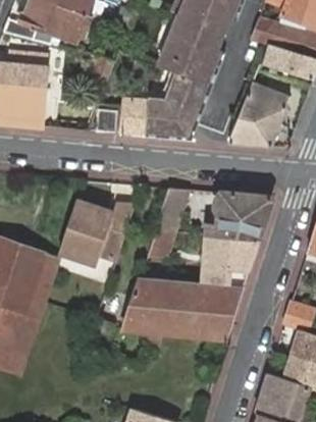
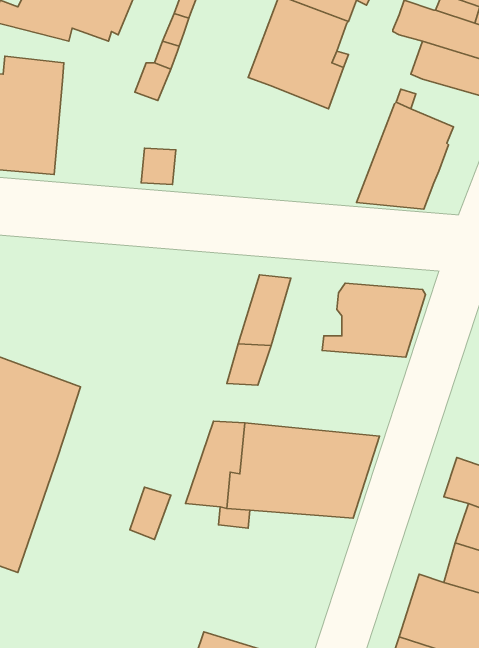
building: [117,70,211,139] -> none
building: [59,199,135,265] -> none
building: [202,234,259,285] -> none

